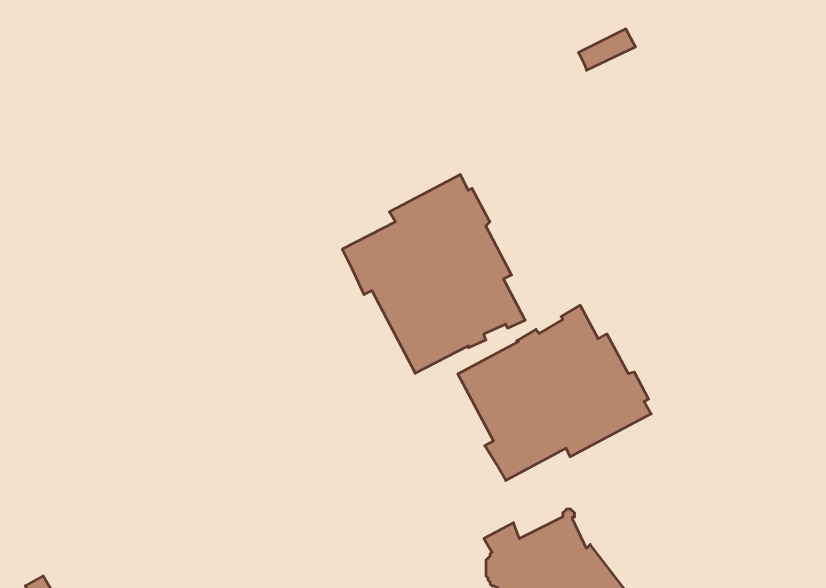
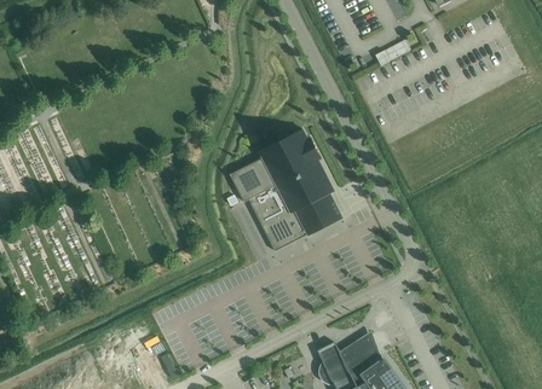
building: [458,305,651,481] -> none

